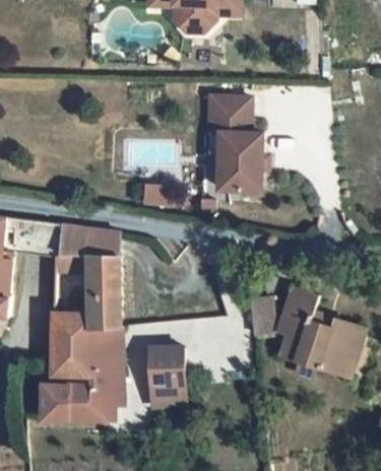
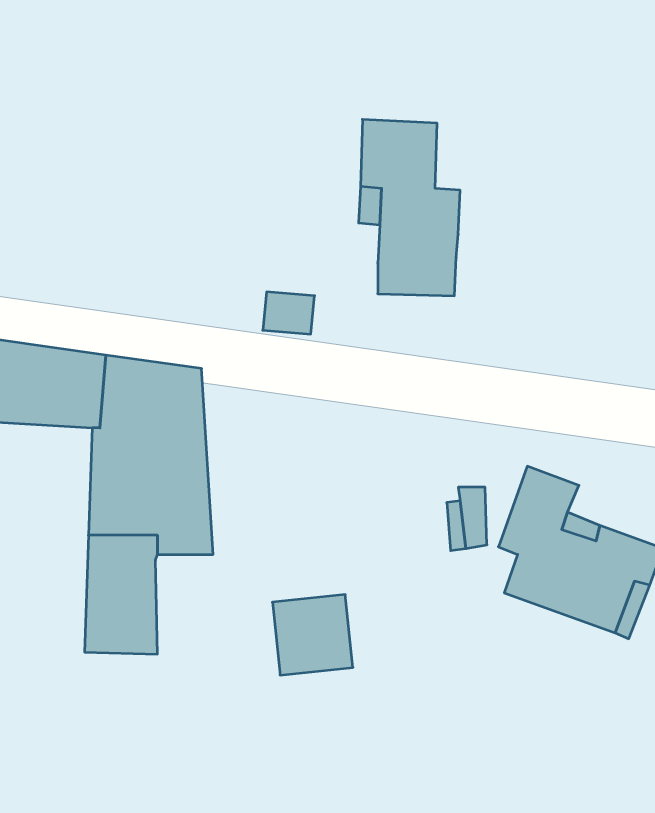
building: [48,330,127,434] -> none

